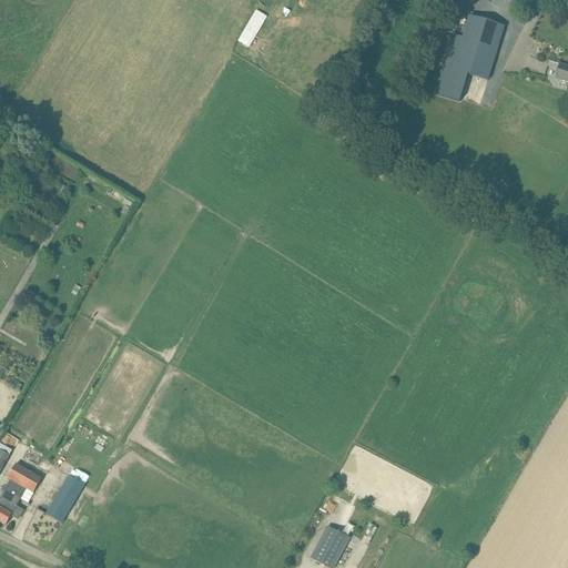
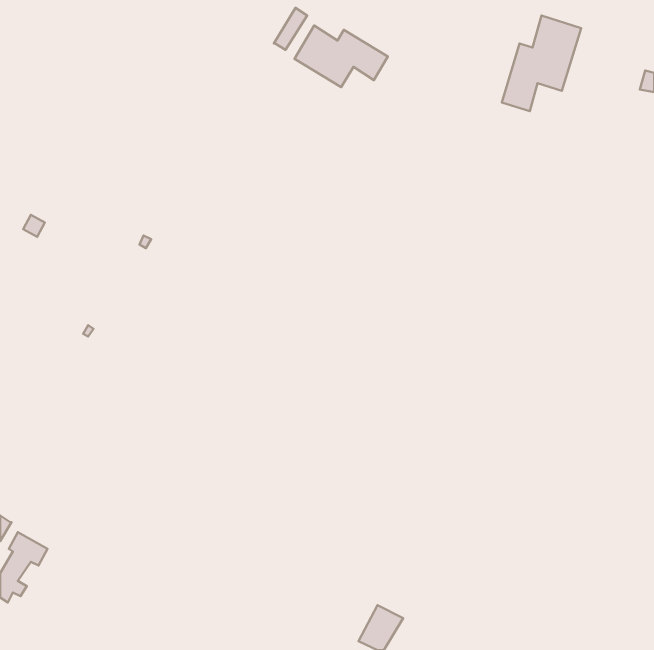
building: none -> [294,25,388,87]
building: [47,474,84,520] -> none

